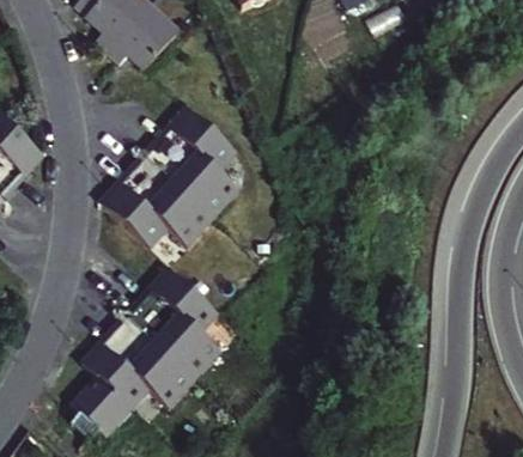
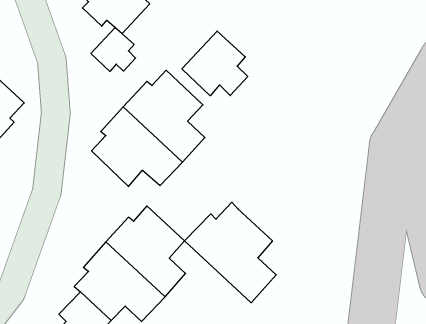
building: none -> [91,27,136,71]
building: none -> [182,31,248,96]
building: none -> [185,202,276,303]

